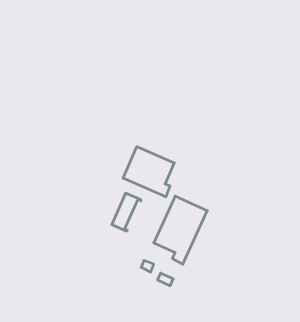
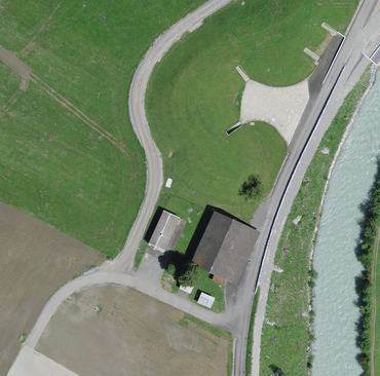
building: [123,147,174,197] -> none

